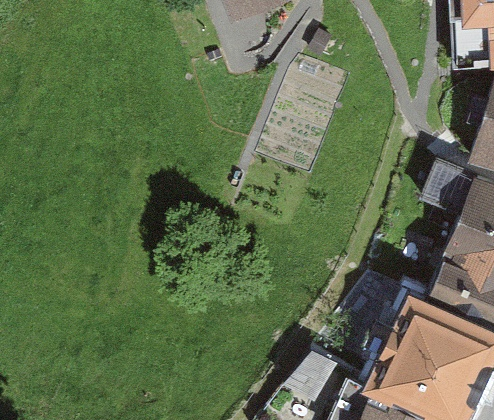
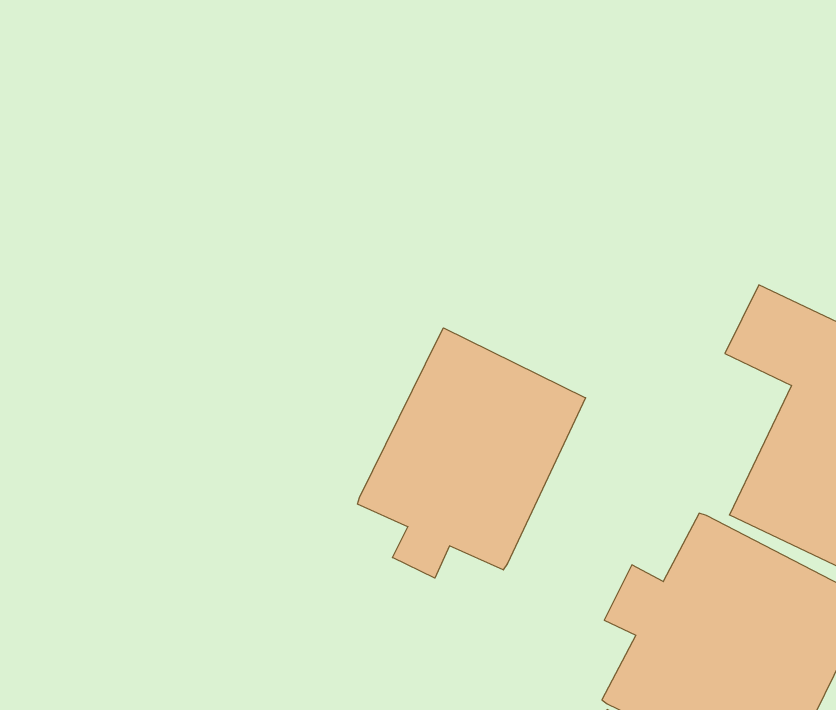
building: none -> [357,328,586,578]

